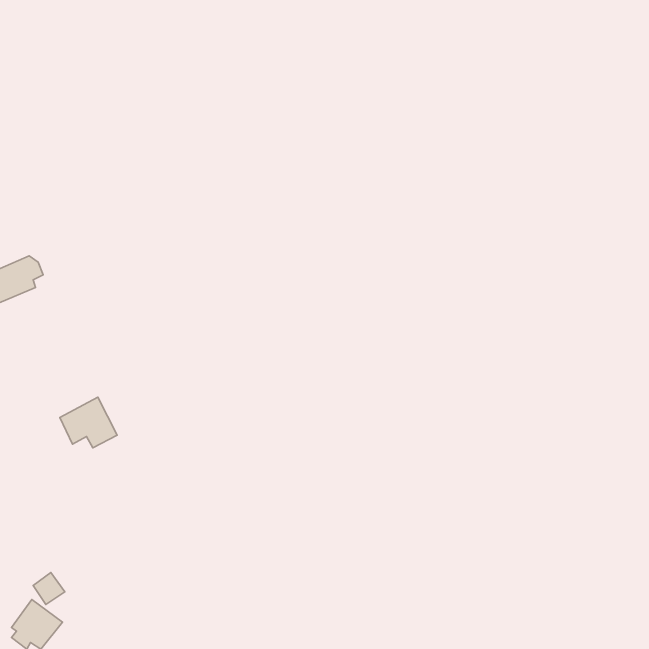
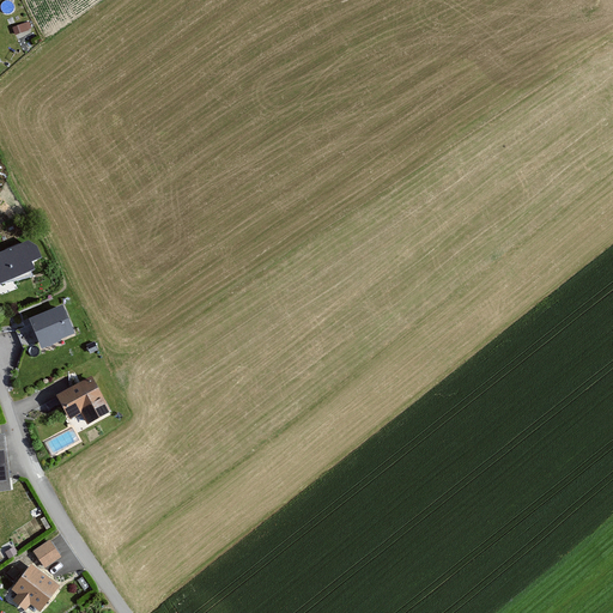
building: none -> [28,304,74,348]

